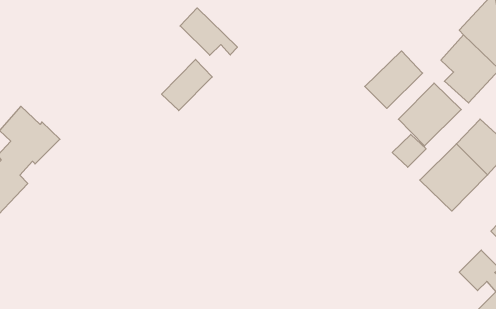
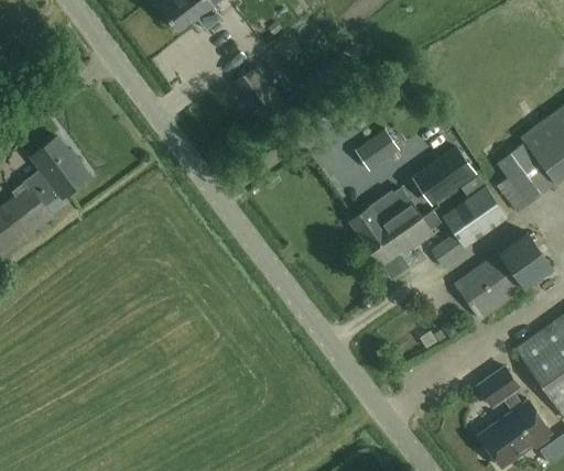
building: none -> [354,128,400,171]
building: [162,59,212,111] -> none
building: none -> [349,188,441,277]

